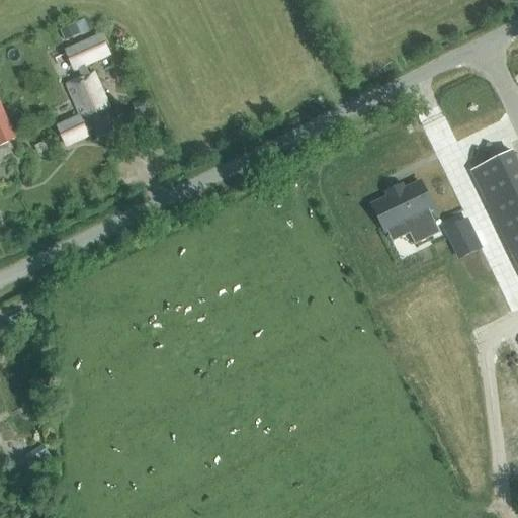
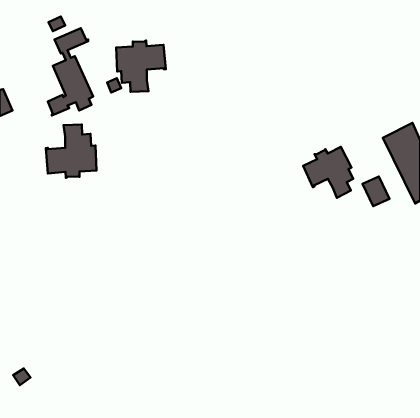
building: none -> [116,40,166,92]
building: none -> [46,124,96,178]

